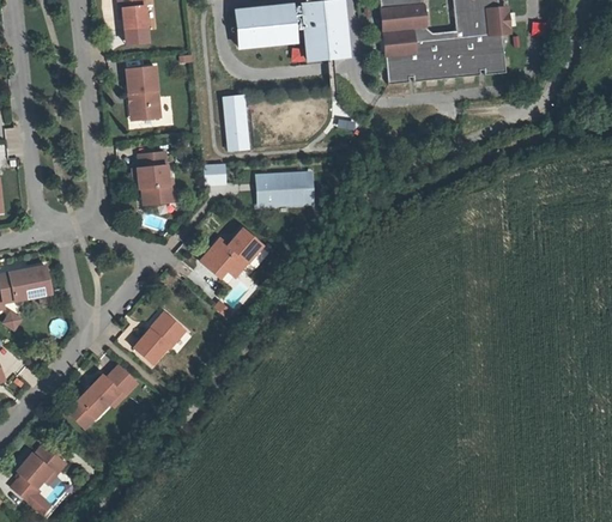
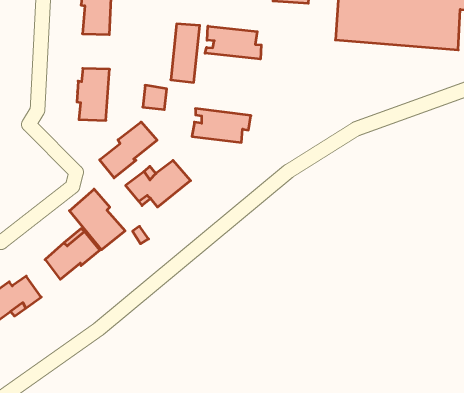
building: none -> [205,26,261,59]
building: none -> [100,122,157,178]
building: none -> [69,189,125,250]

